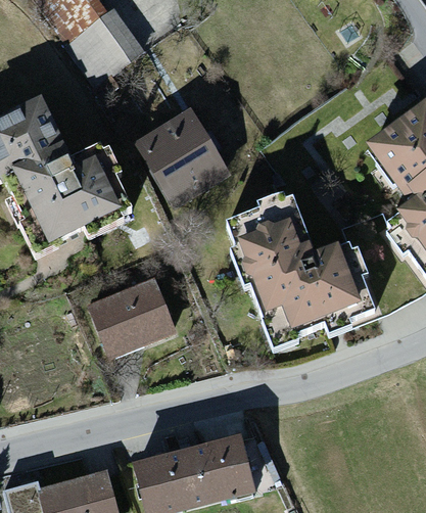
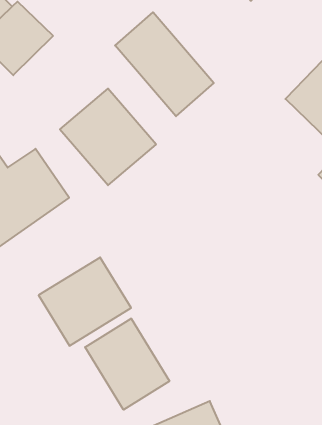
building: none -> [115,12,214,116]
building: [230,202,363,332] -> none
building: none -> [85,318,169,410]

